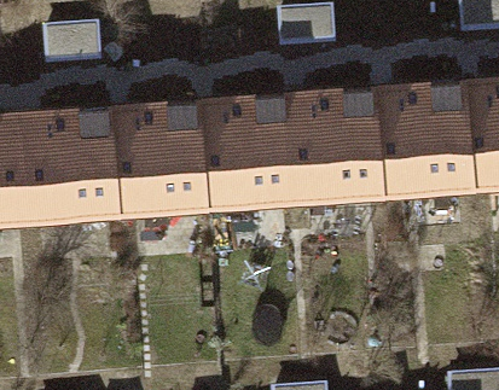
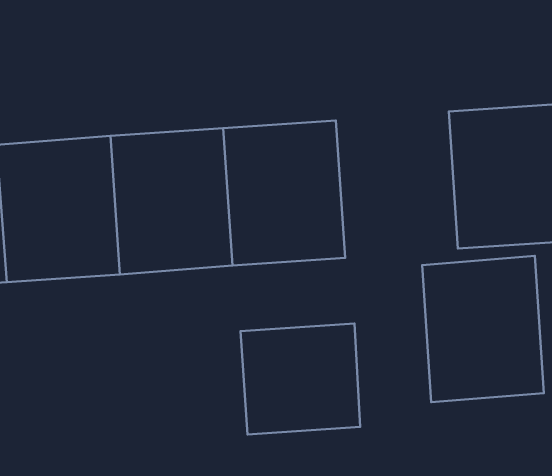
building: [283,89,379,205] -> [422,256,544,402]
building: none -> [241,323,360,434]

